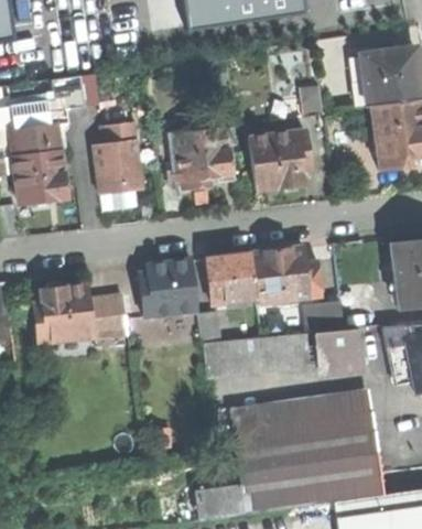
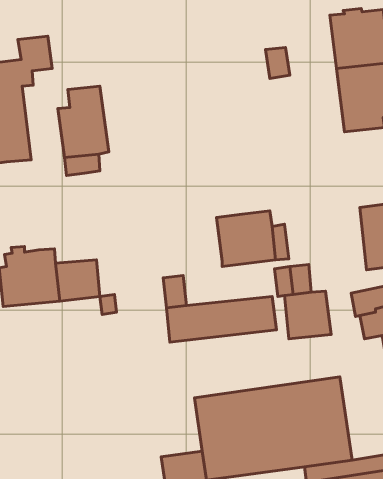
building: [172,128,229,187] -> none
building: [247,129,310,193] -> none
building: [207,253,255,301] -> none
building: [139,261,195,315] -> none
building: [224,386,371,432] -> none

